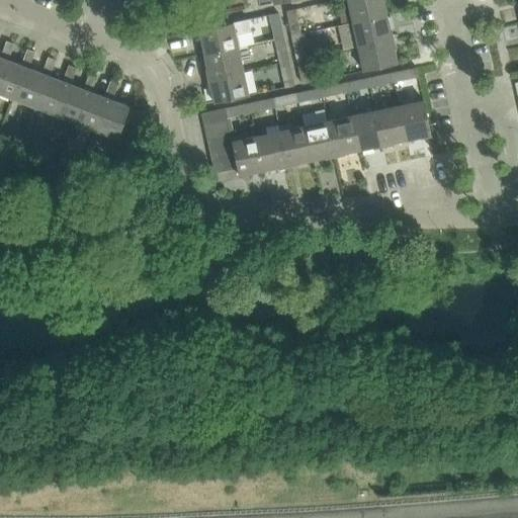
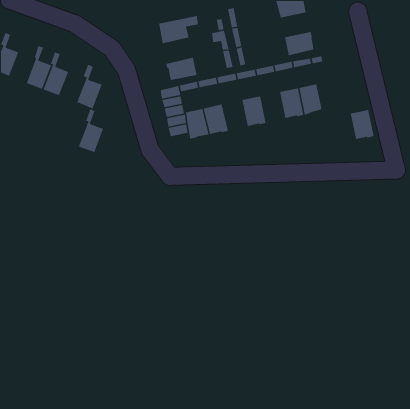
building: [353,17,393,48] -> none
building: [204,49,244,81] -> none
building: [12,50,45,106] -> none
building: [75,74,108,131] -> [78,108,104,153]
building: [400,101,431,140] -> [350,109,375,140]
building: [329,116,359,157] -> none
building: [280,126,312,167] -> none

